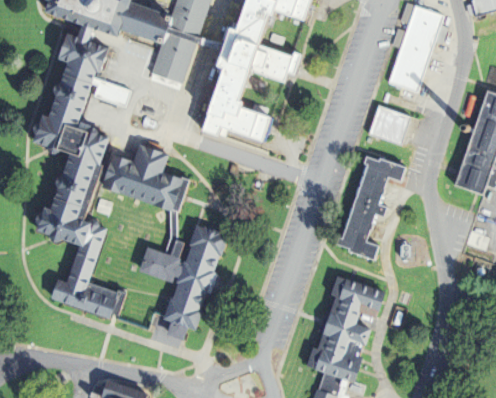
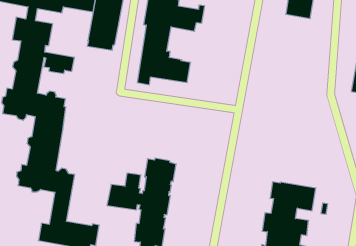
building: [368,104,411,144] -> none
building: [102,144,190,239] -> none
building: [332,156,406,260] -> none

